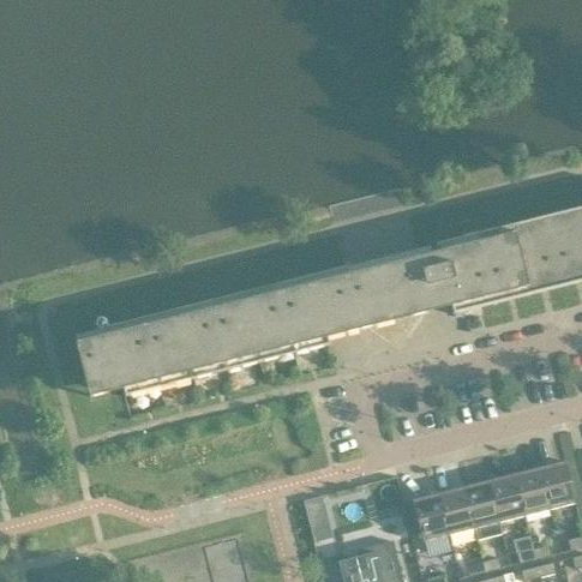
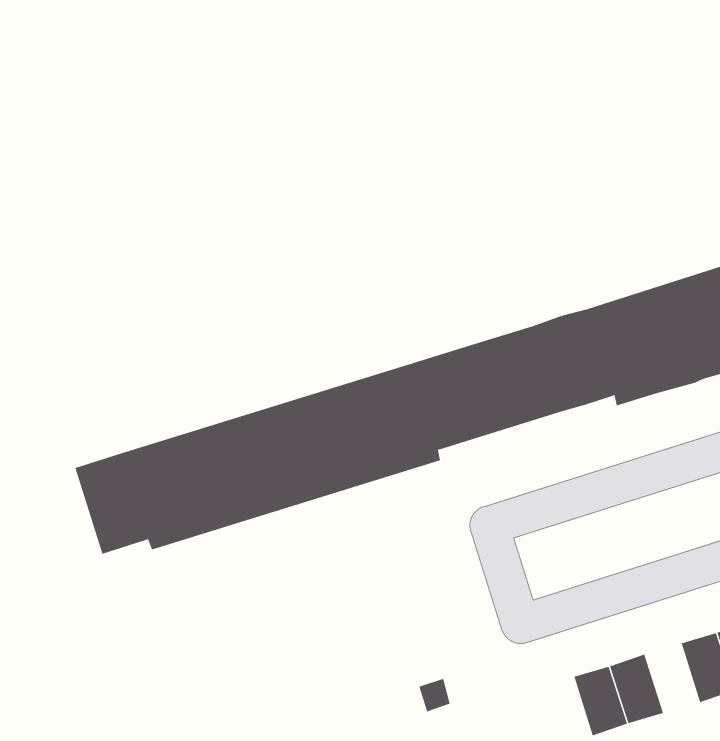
building: [464,478,500,526] -> none

